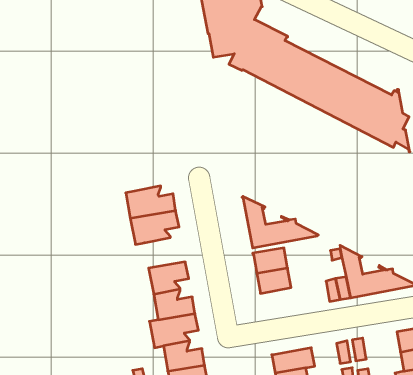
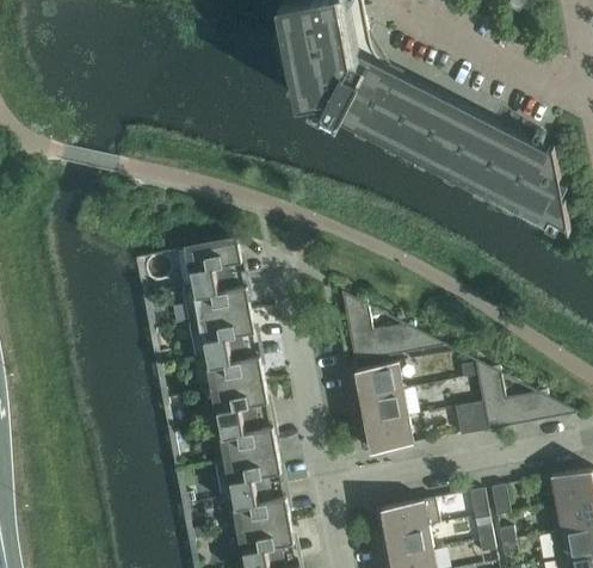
building: none -> [185,237,240,284]
building: none -> [205,347,261,389]
building: none -> [364,415,410,451]

